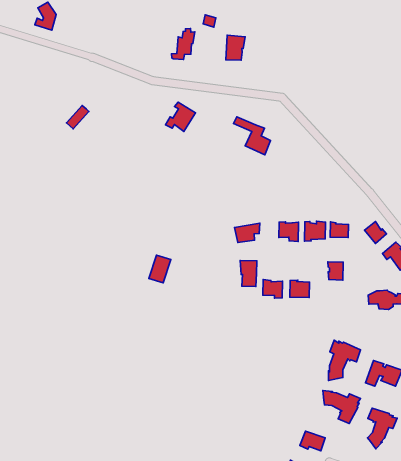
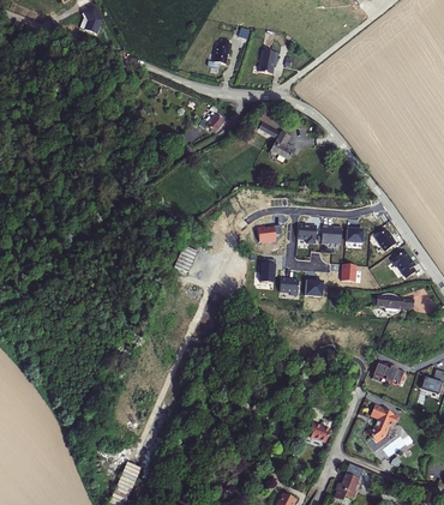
building: [328,340,361,381] -> none
building: [323,391,361,424] -> none

